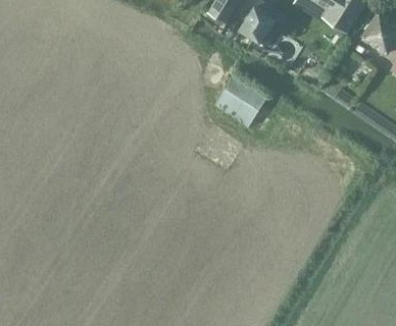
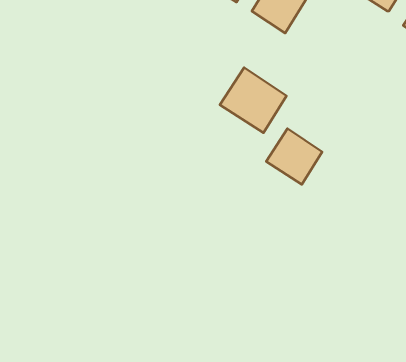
building: none -> [266,128,322,184]

